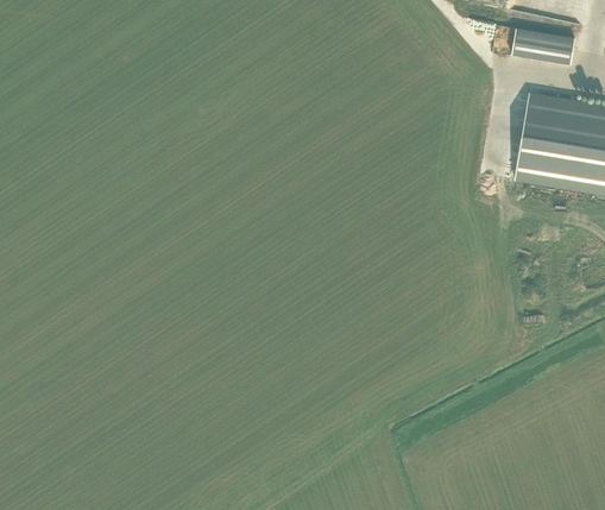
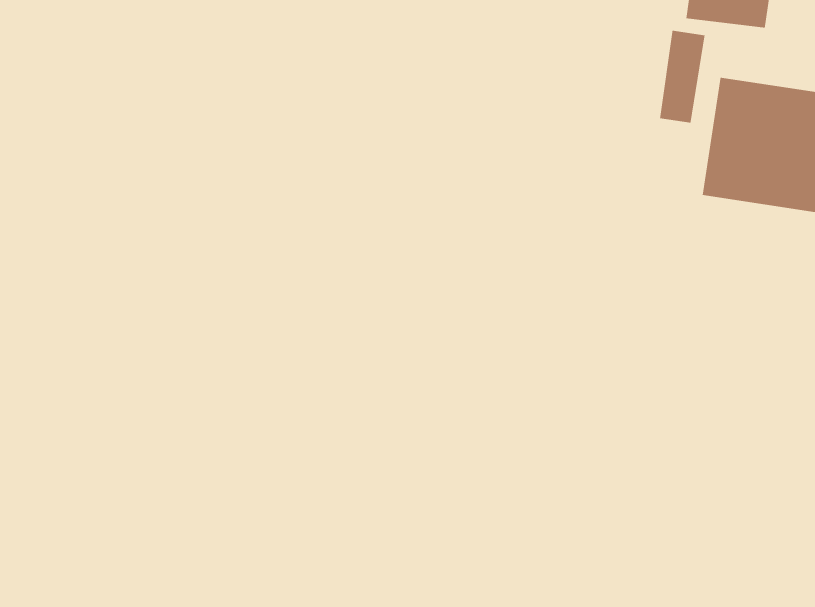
building: none -> [659,30,705,123]

